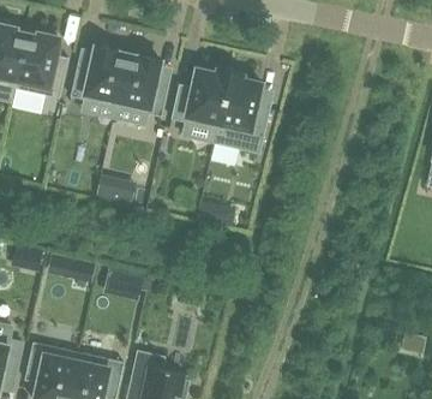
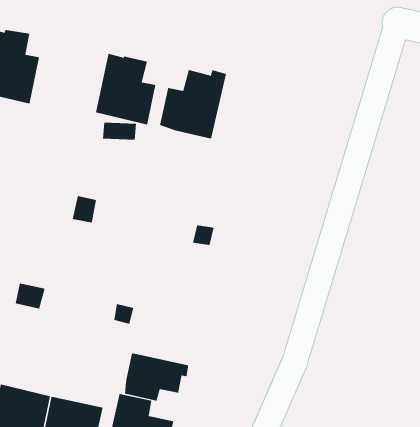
building: [70,46,126,106] -> none
building: [210,72,270,157] -> none
building: none -> [103,346,189,402]

